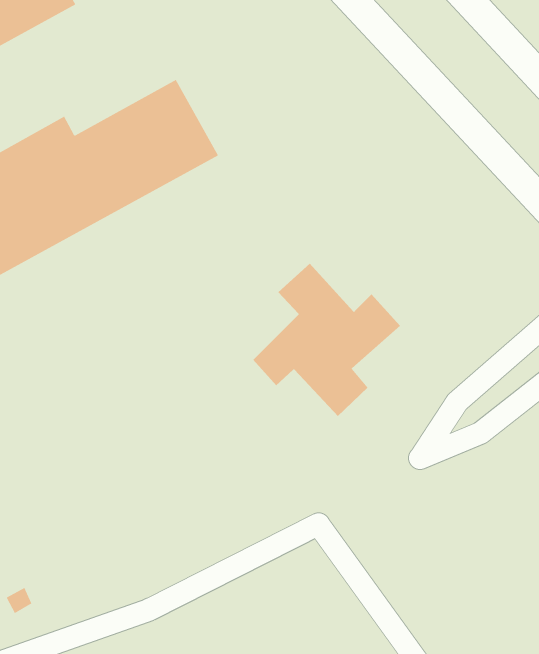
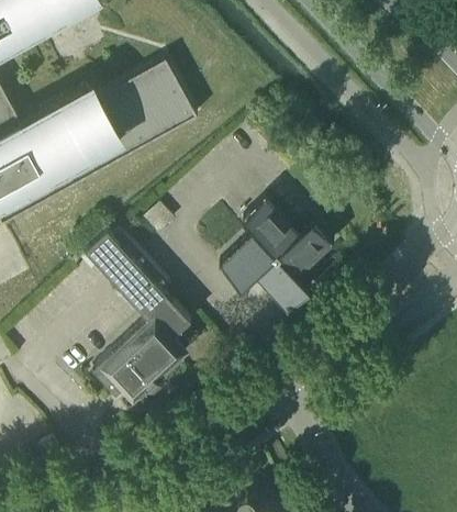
building: none -> [78,232,190,400]

